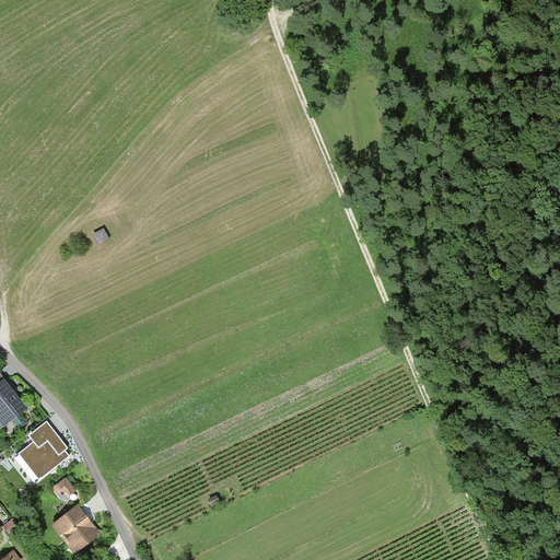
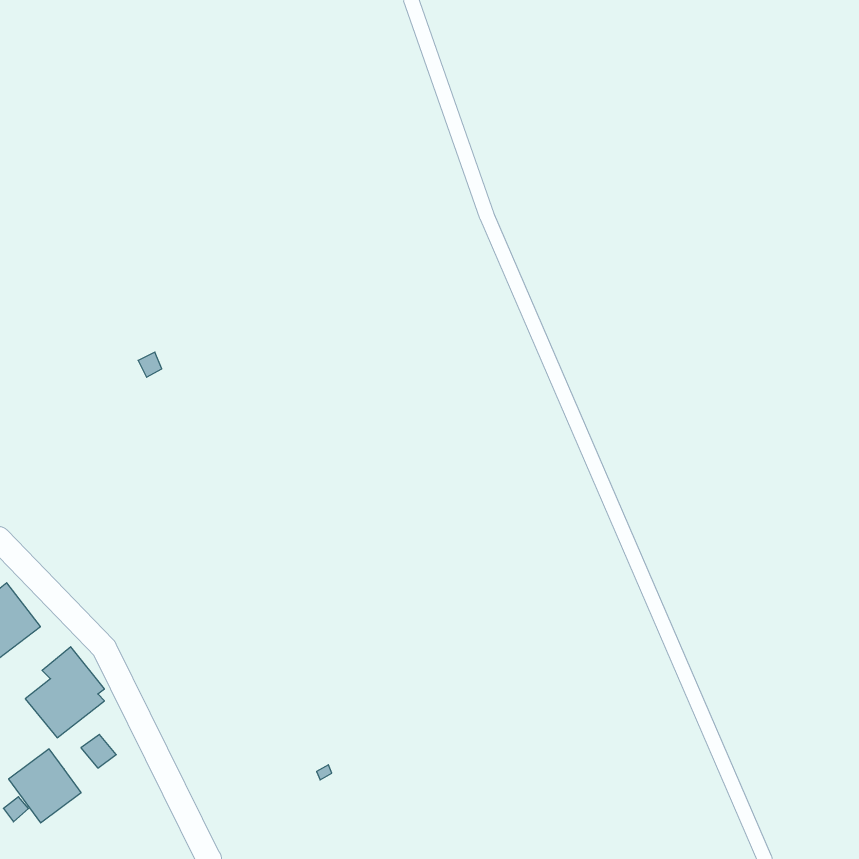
building: [51,504,98,552] -> [9,749,81,823]

